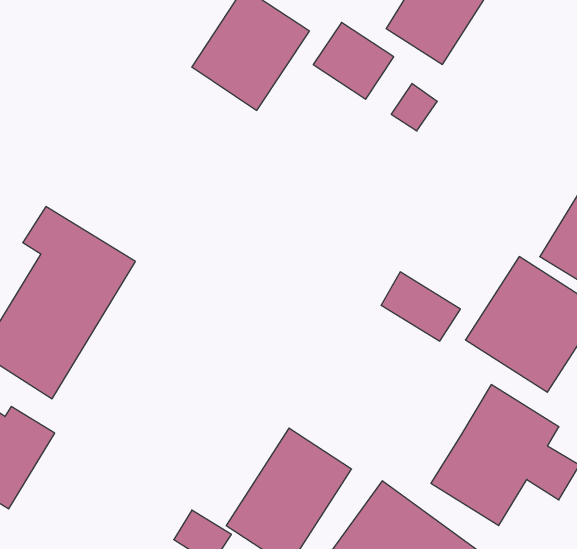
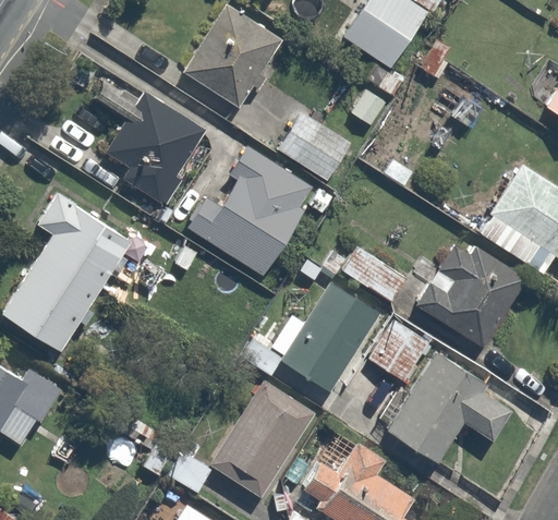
building: [313,22,394,99] -> [278,117,347,182]
building: none -> [93,72,208,206]
building: none -> [185,143,313,277]
building: none -> [241,279,379,414]
building: none -> [368,319,435,387]

